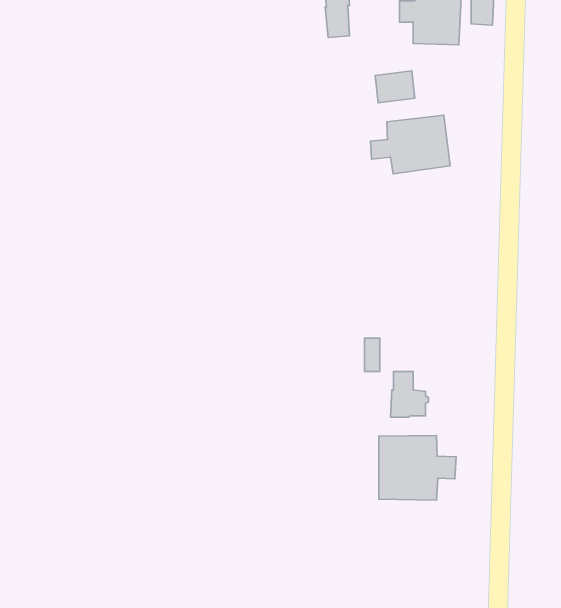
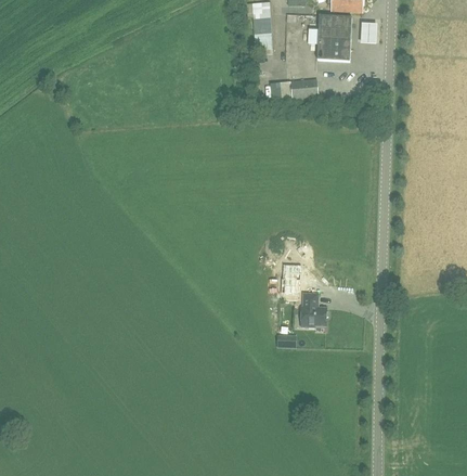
building: [371,115,450,174] -> none
building: [379,436,456,500] -> none

